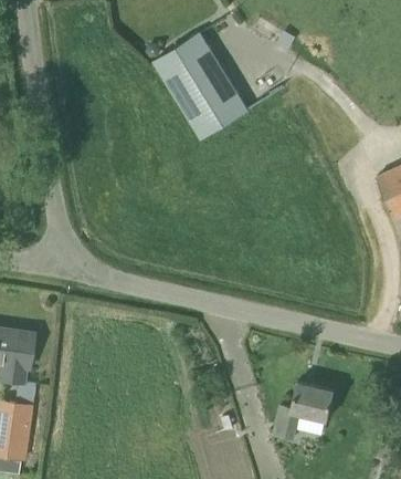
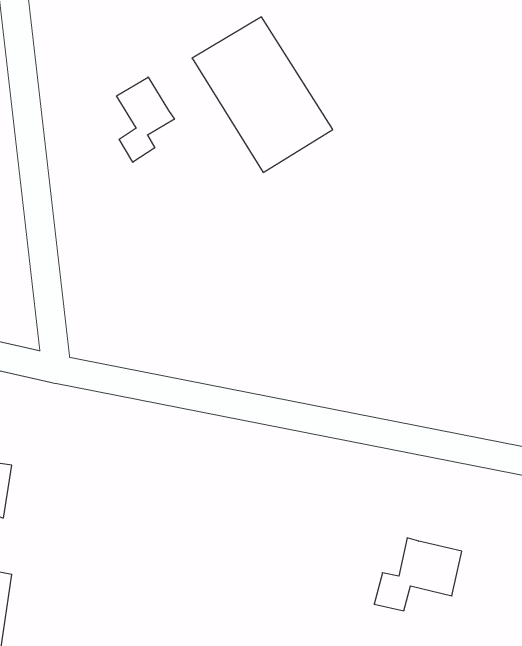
building: none -> [117,77,174,162]

